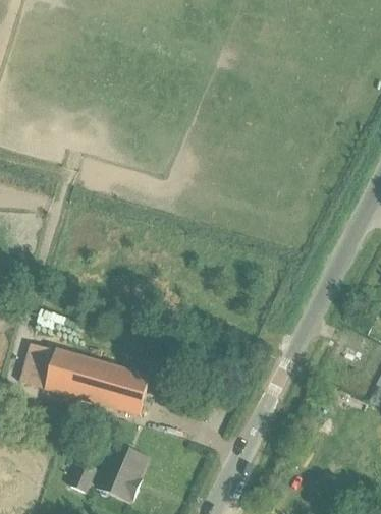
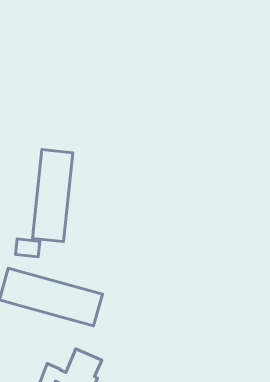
building: none -> [32,150,73,242]

